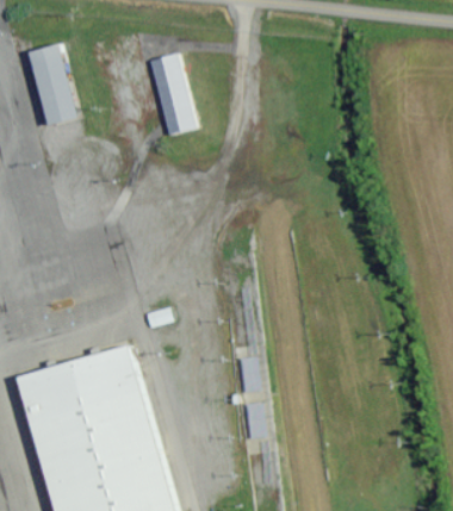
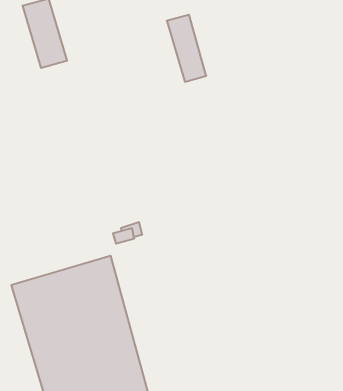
building: [147,54,193,132] -> [167,15,206,82]

